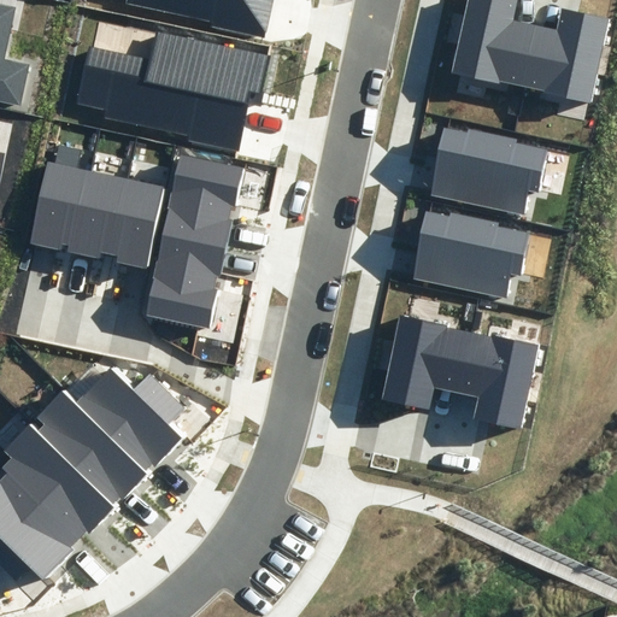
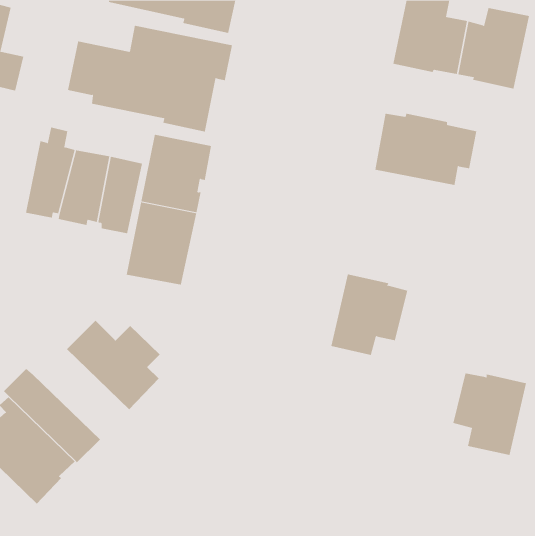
building: [412,212,531,296] -> none
building: [454,334,540,429] -> [452,373,527,456]
building: [35,388,148,505] -> none

